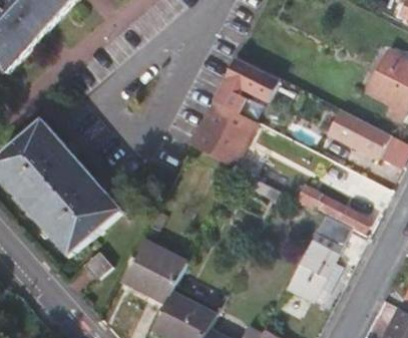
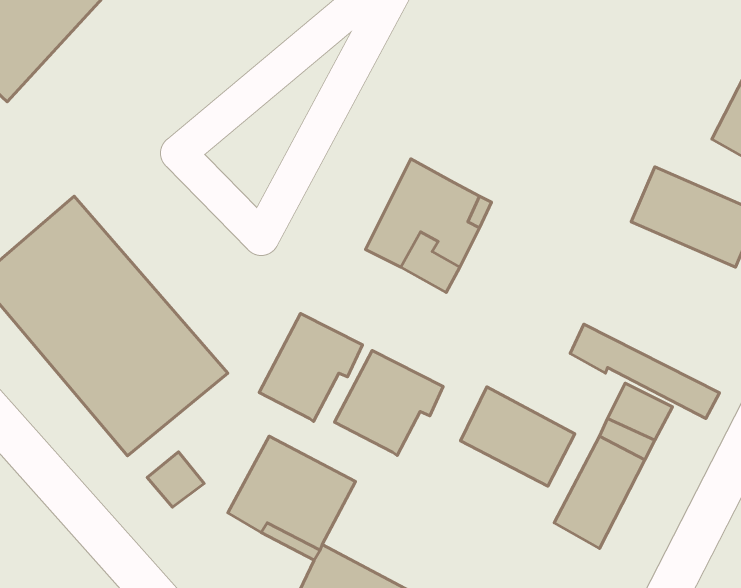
building: [215,55,278,112] -> none
building: none -> [259,313,362,422]
building: none -> [335,351,443,455]
building: none -> [461,387,575,486]

